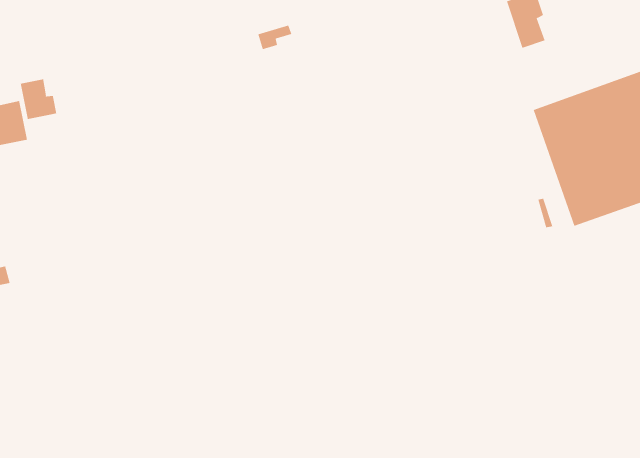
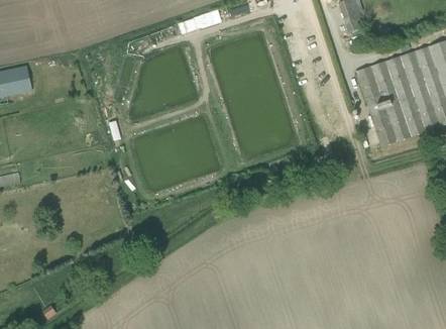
building: [20,78,57,120] -> none

